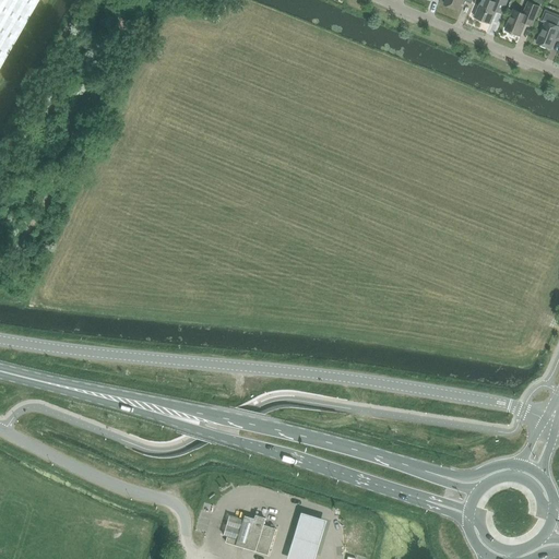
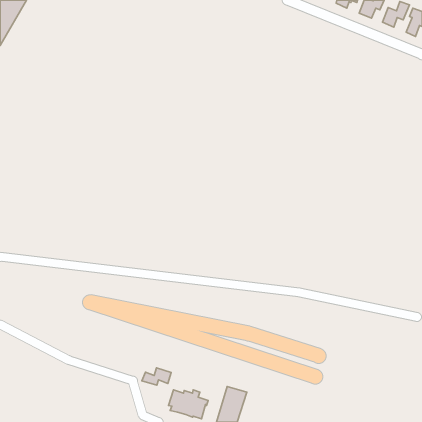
building: none -> [142,368,171,385]

